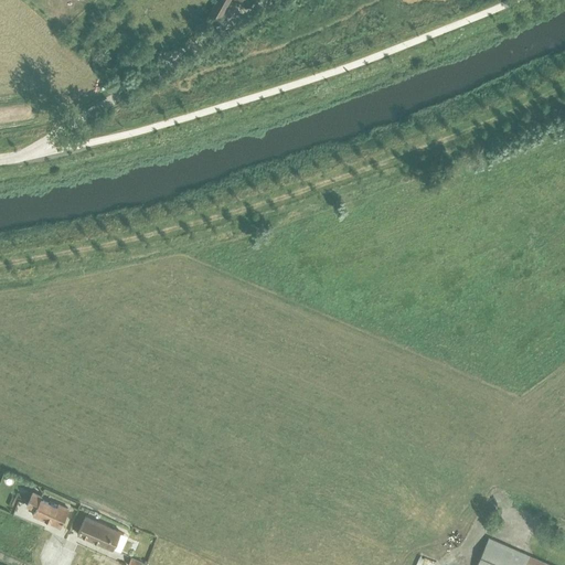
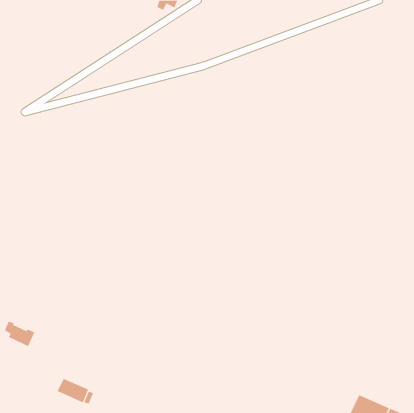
building: [28,493,70,529] -> [4,321,35,347]

